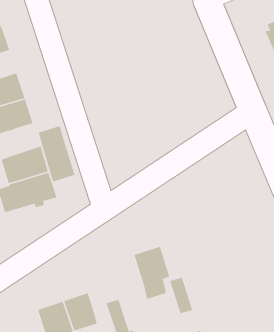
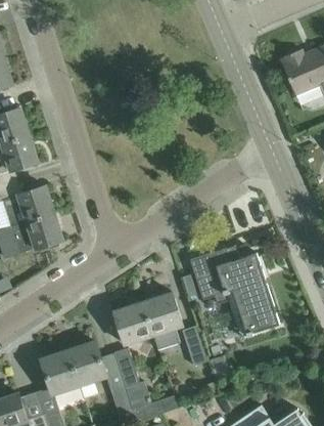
building: [38,125,75,183] -> none
building: none -> [190,249,278,335]
building: none -> [113,301,153,343]

